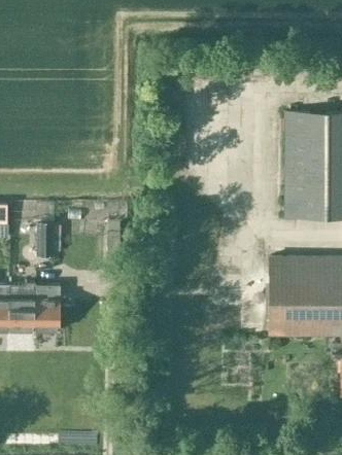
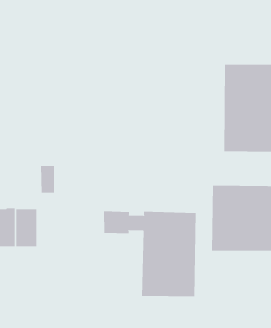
building: [36,223,54,256] -> [40,166,55,193]
building: none -> [104,211,196,297]

